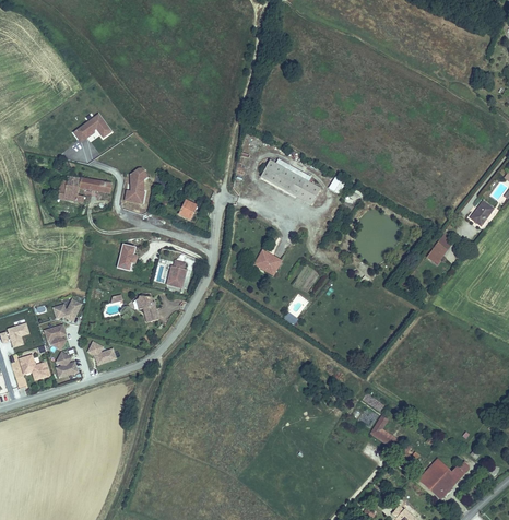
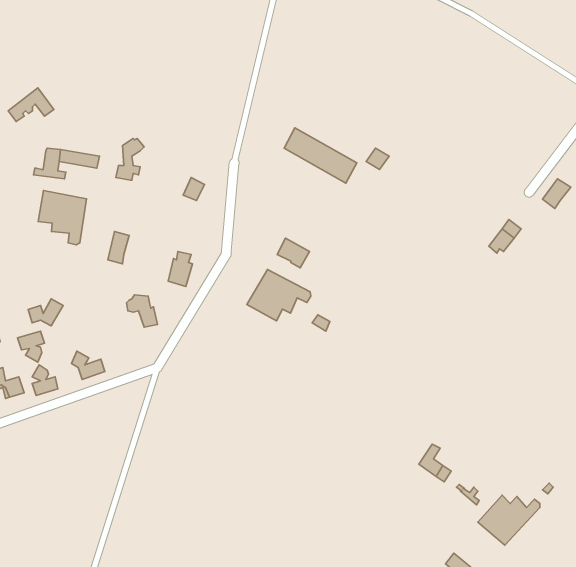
building: [74,114,111,141] -> [8,88,54,122]
building: none -> [38,191,87,245]
building: none -> [247,269,311,321]

